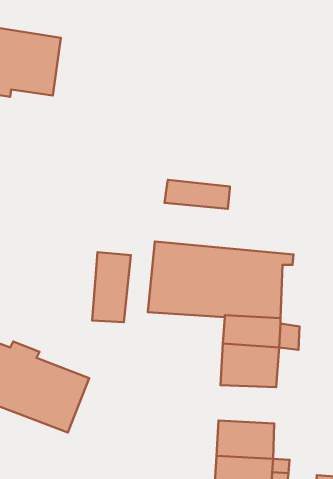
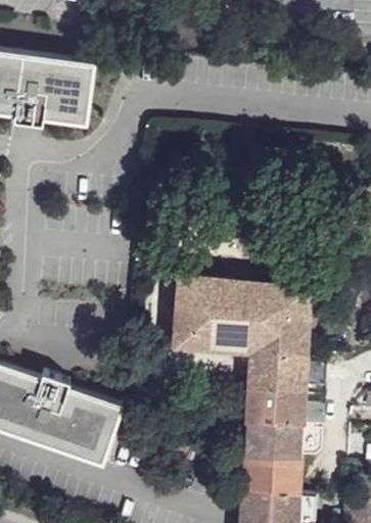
building: [165,180,230,209] -> none
building: [92,252,131,322] -> none
building: none -> [245,417,304,456]

